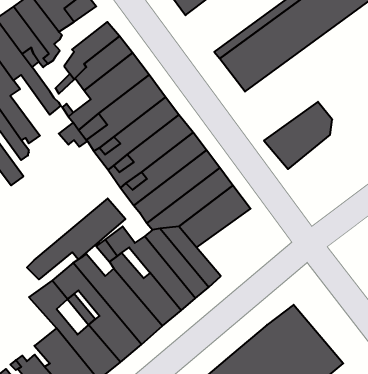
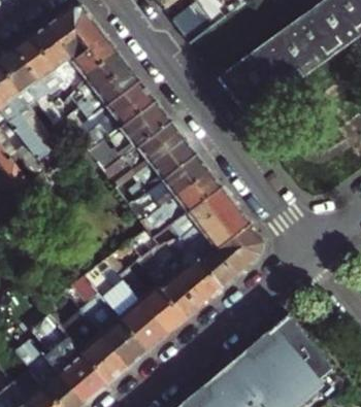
building: none -> [69,36,117,92]
building: [264,102,332,169] -> [200,225,264,287]
building: [27,198,125,279] -> none

